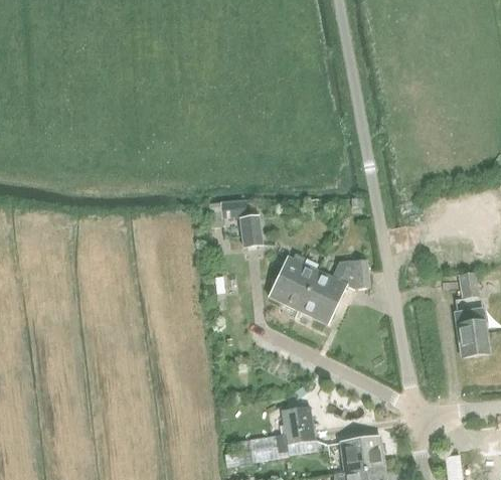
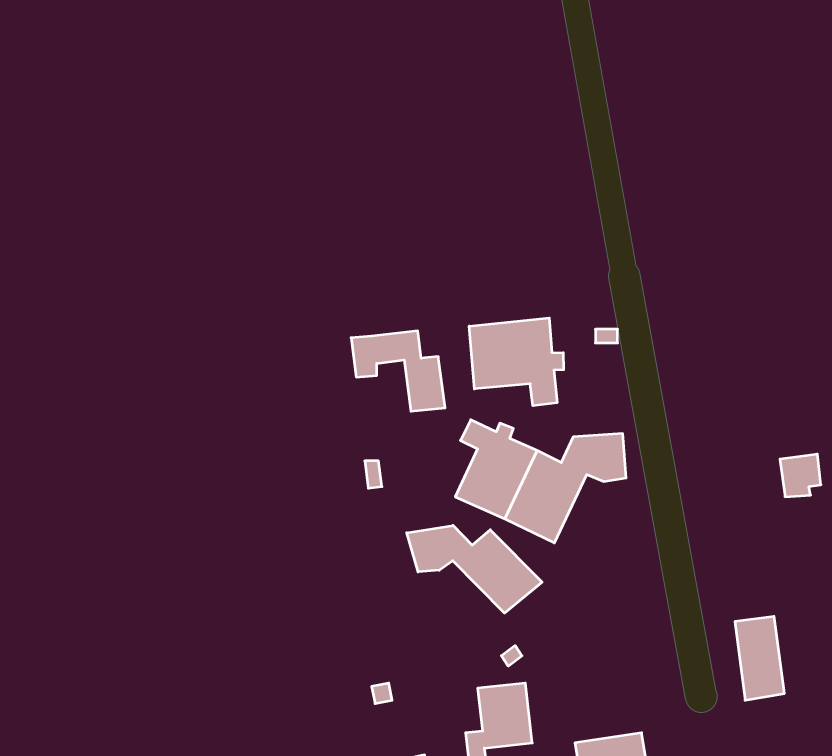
building: none -> [469,318,564,406]
building: [457,308,486,357] -> [735,616,784,700]
building: none -> [407,525,542,613]

